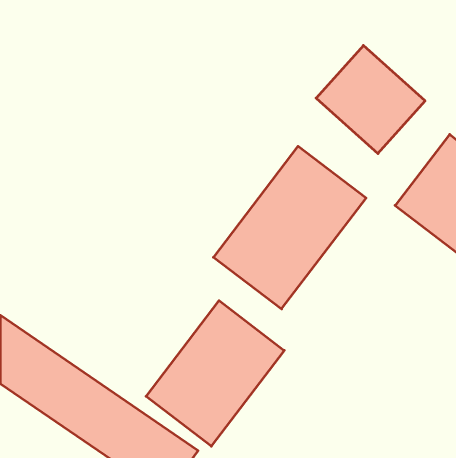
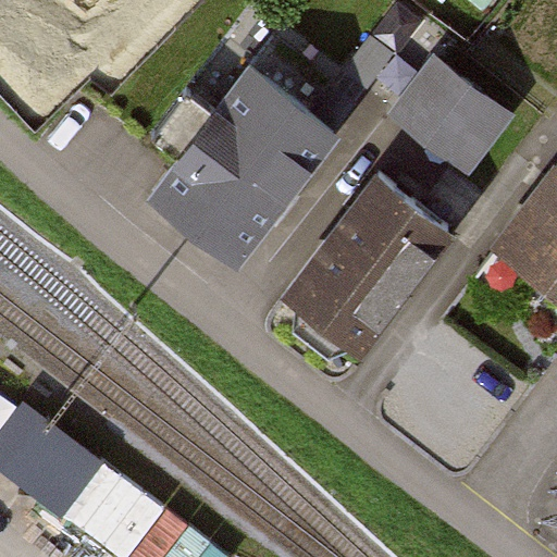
building: none -> [138,64,343,274]
building: [146,301,284,446] -> none

